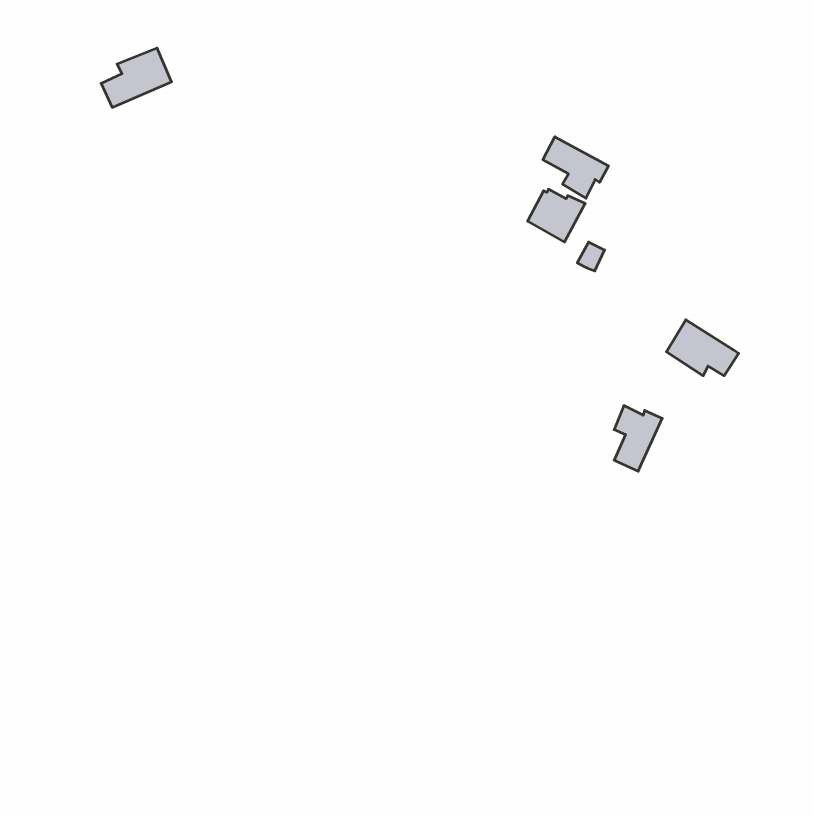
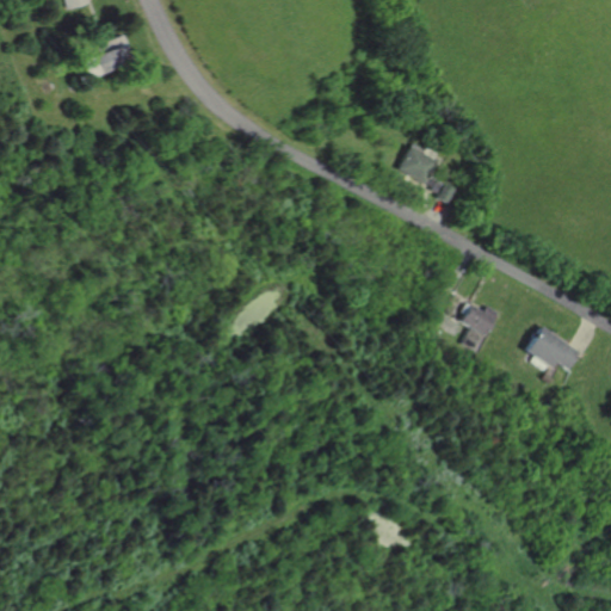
building: [543,137,608,198] -> none
building: [666,320,739,376] -> [525,327,579,369]

